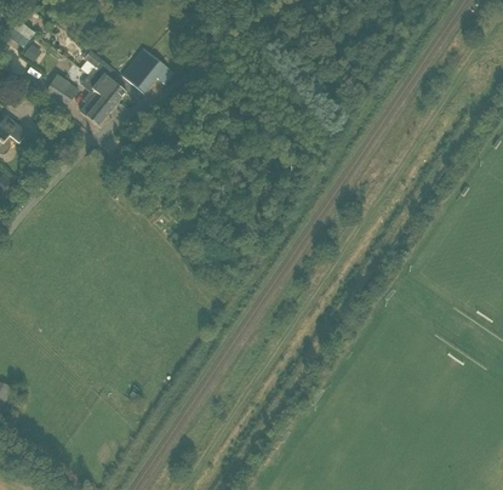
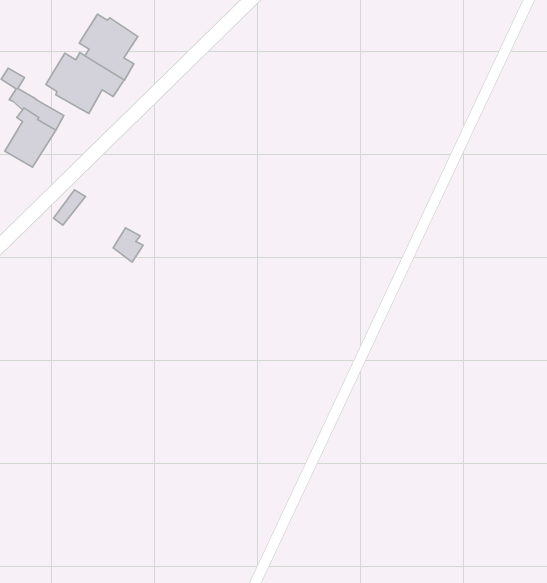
building: none -> [79,14,138,80]

